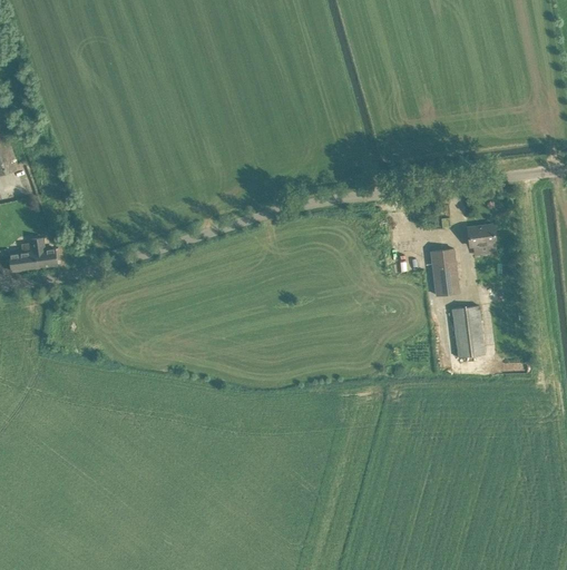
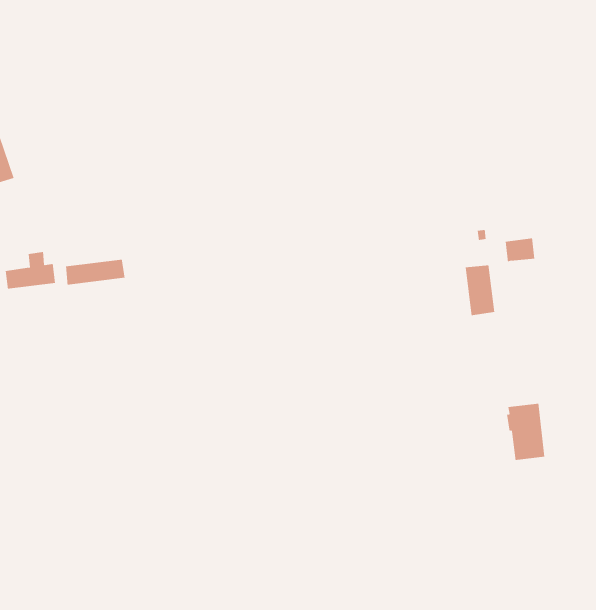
building: none -> [66,259,125,285]
building: [450,304,486,356] -> [506,403,545,460]

